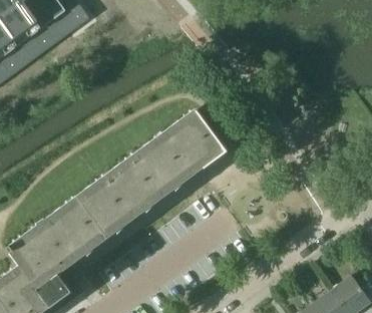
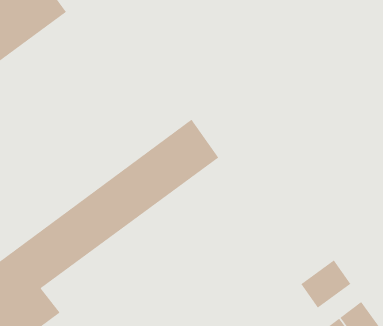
building: none -> [301,260,351,308]

